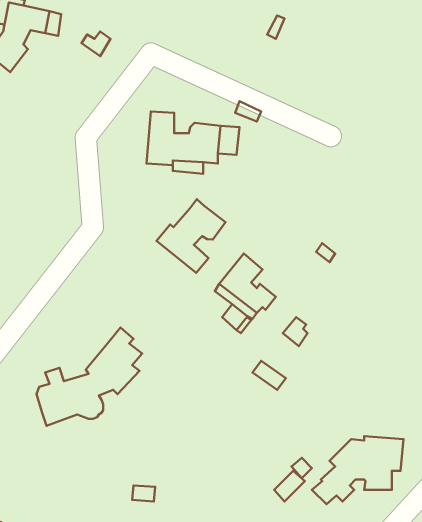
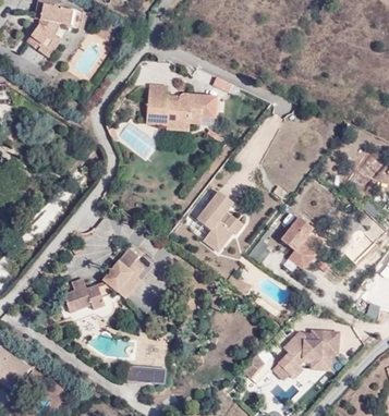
building: [156,199,226,273] -> none
building: none -> [280,216,315,269]

